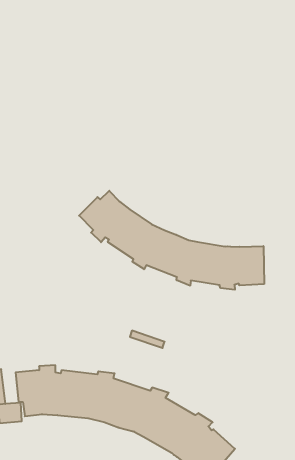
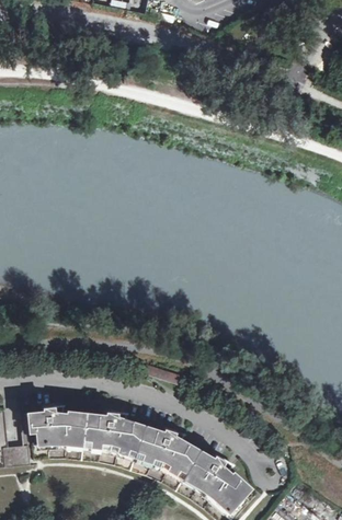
building: [79,191,264,290] -> none

